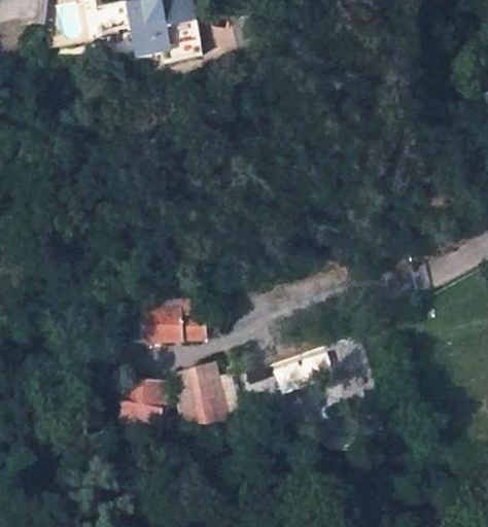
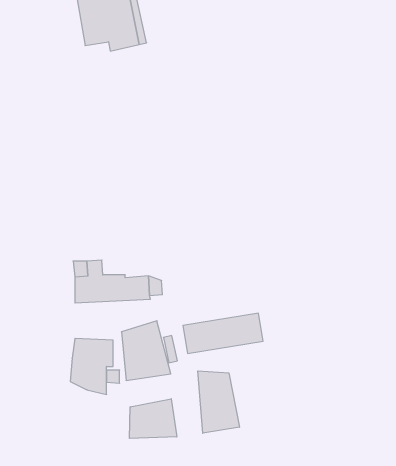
building: none -> [198,371,239,433]
building: none -> [130,399,177,438]

